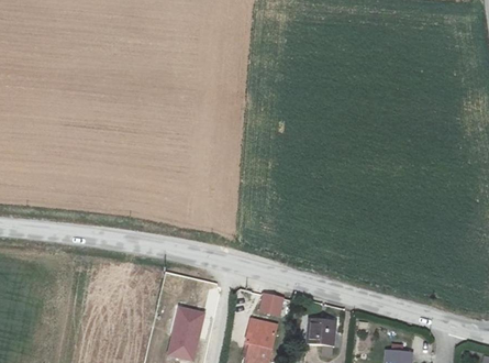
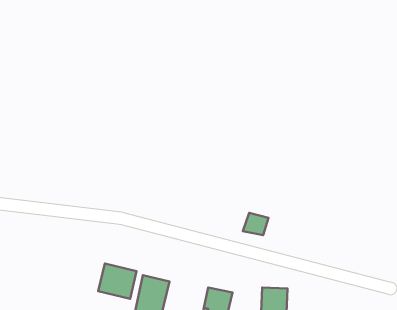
building: [258,293,286,317] -> [243,213,268,235]
building: none -> [98,263,137,299]

